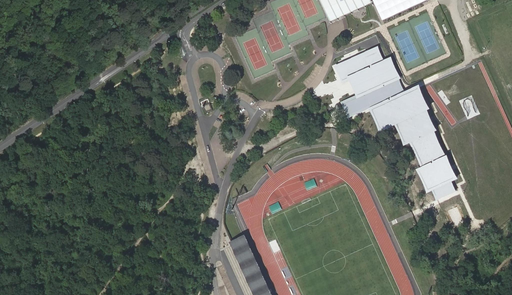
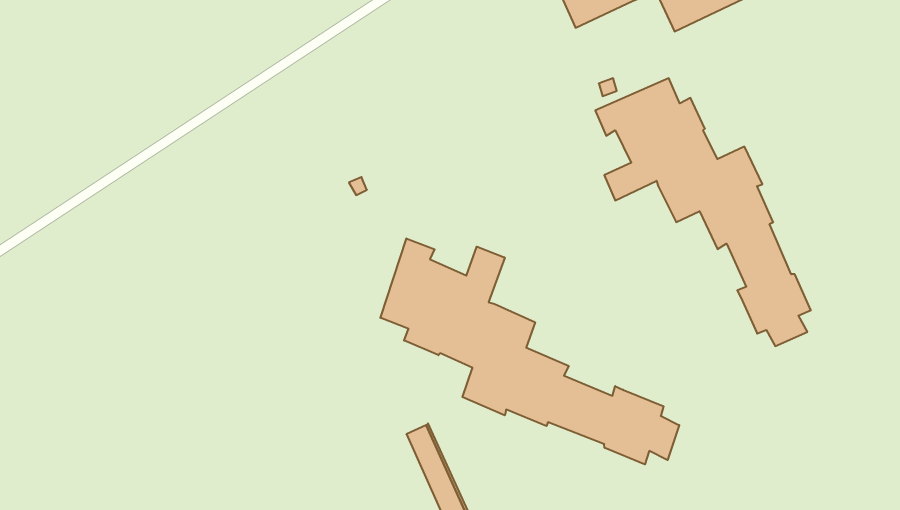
building: none -> [380,238,679,464]

